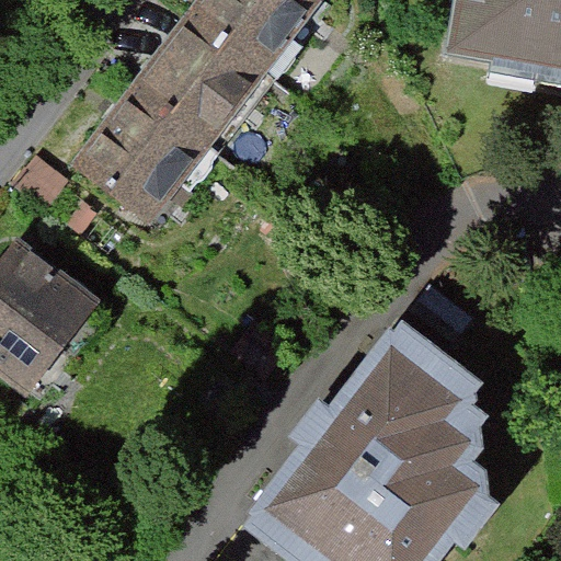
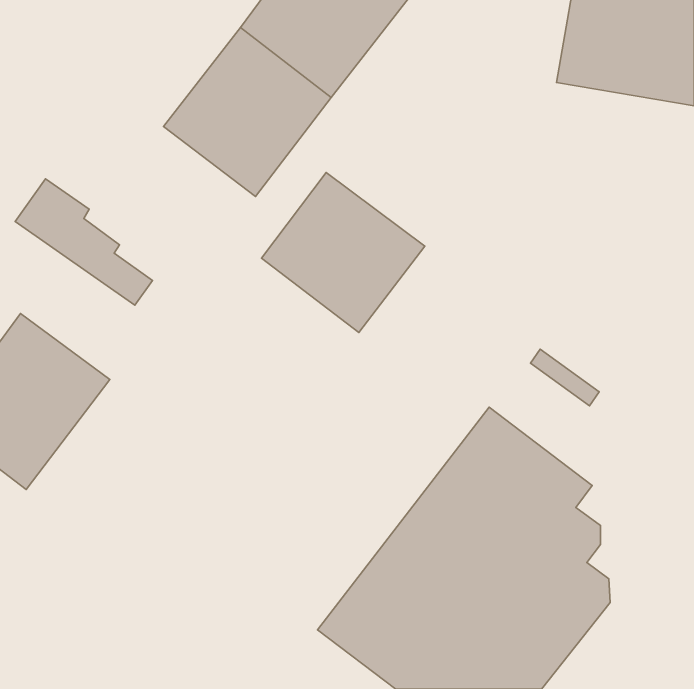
building: [79,101,204,225] -> none
building: none -> [262,172,425,332]

